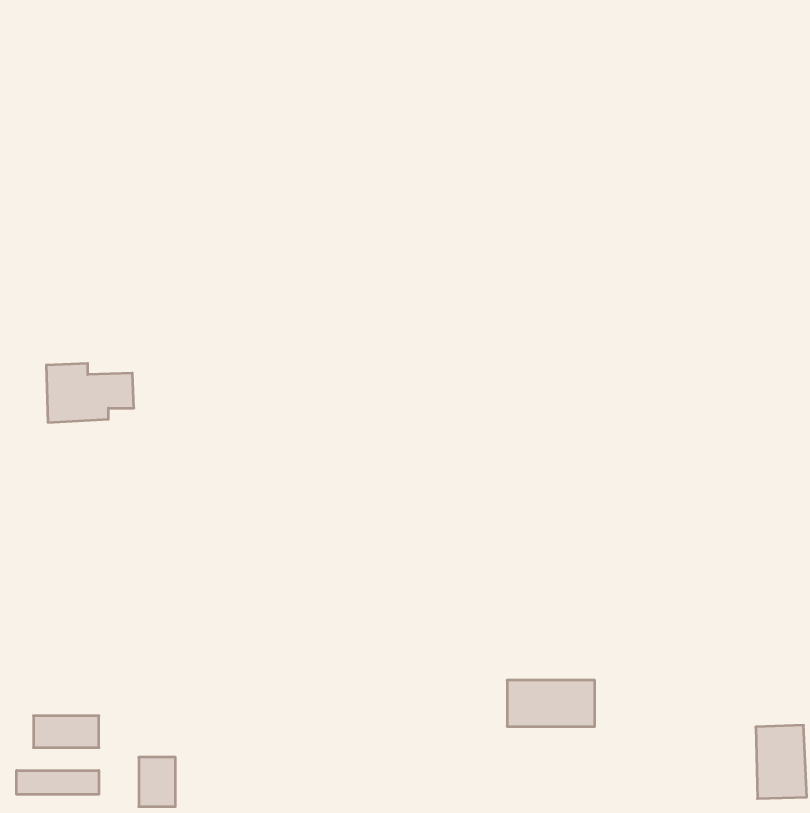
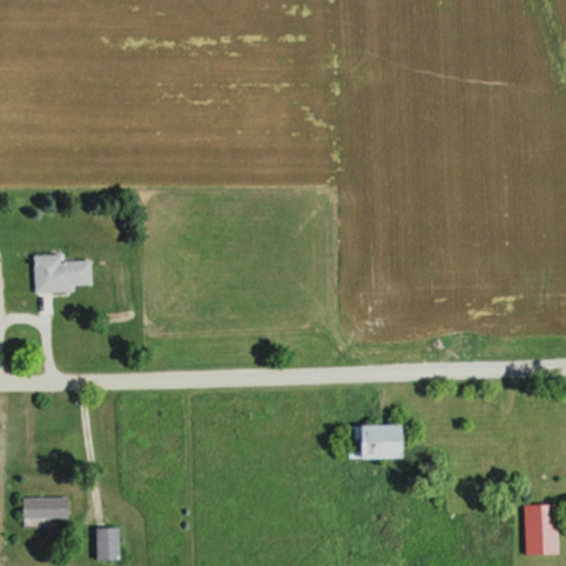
building: [507,680,595,726] -> [347,426,408,458]
building: [17,770,99,794] -> none

